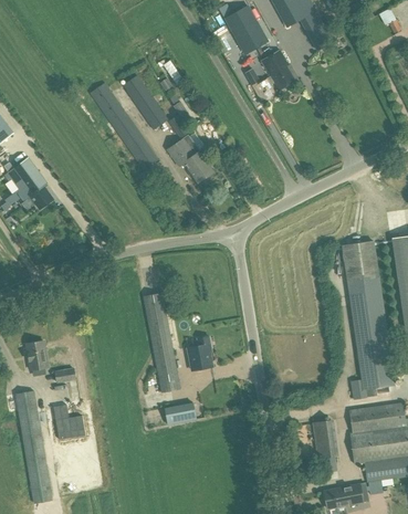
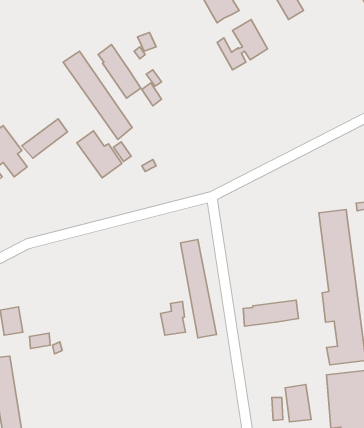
building: [167,137,212,185] -> [77,131,122,178]
building: none -> [22,119,68,158]
building: [143,292,179,391] -> [180,239,216,338]
building: none -> [243,300,298,326]
building: [164,402,195,423] -> none
building: [52,405,84,439] -> none

